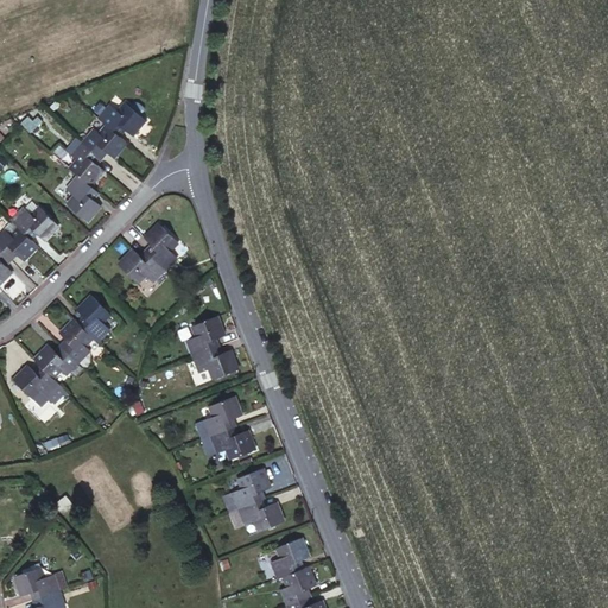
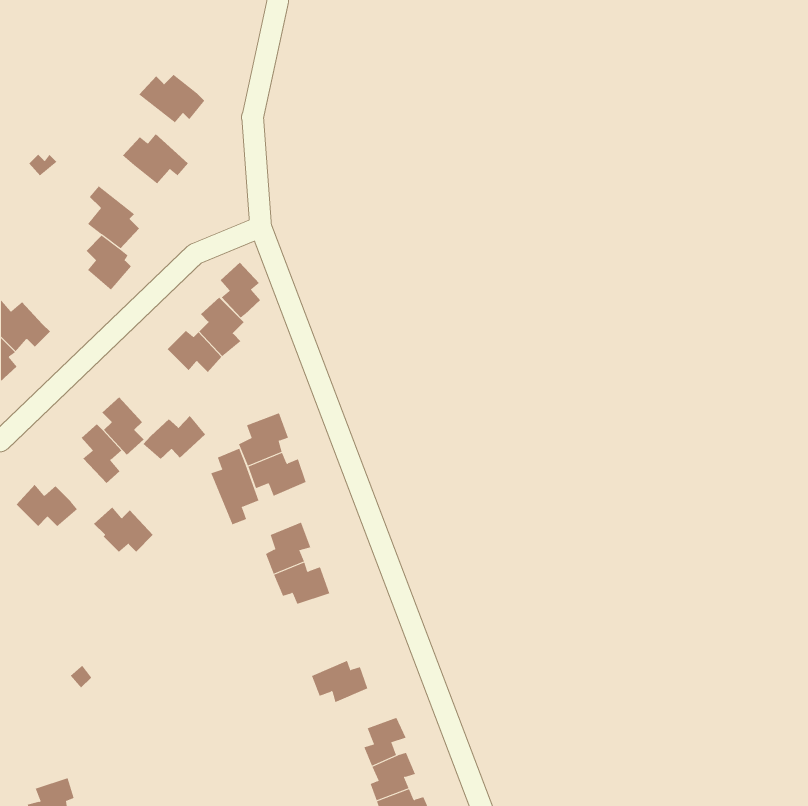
building: [76,127,126,164] -> [139,74,205,123]
building: none -> [220,262,261,318]
building: [11,208,62,246] -> none
building: none -> [142,415,206,460]
building: none -> [211,448,259,525]
building: [37,344,82,379] -> [93,506,154,552]
building: [227,467,266,509] -> none
building: [12,559,53,594] -> none

